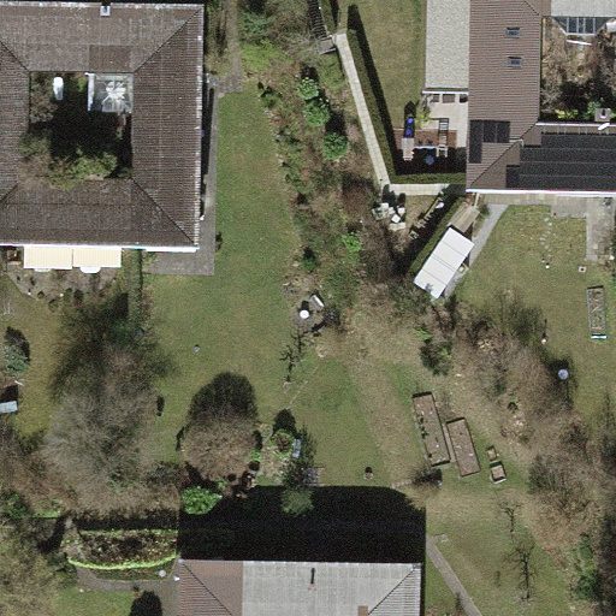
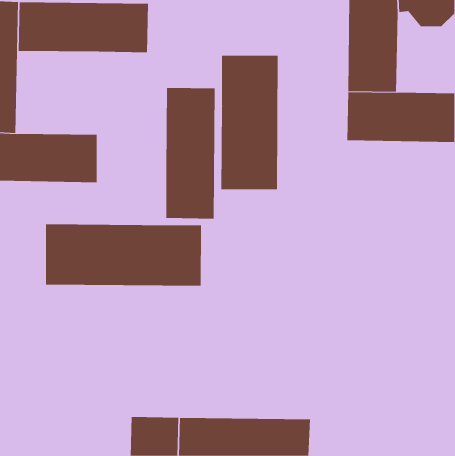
building: [131,70,199,247] -> [165,87,216,219]
building: none -> [221,55,278,190]
building: none -> [45,224,201,286]

